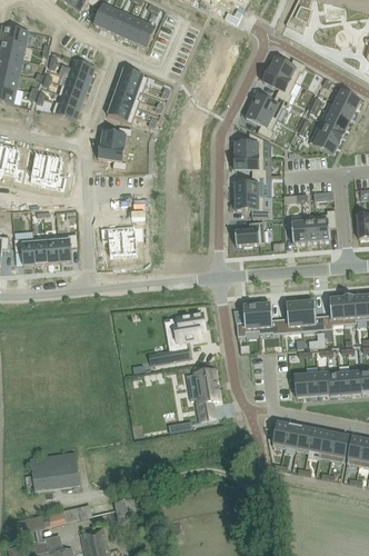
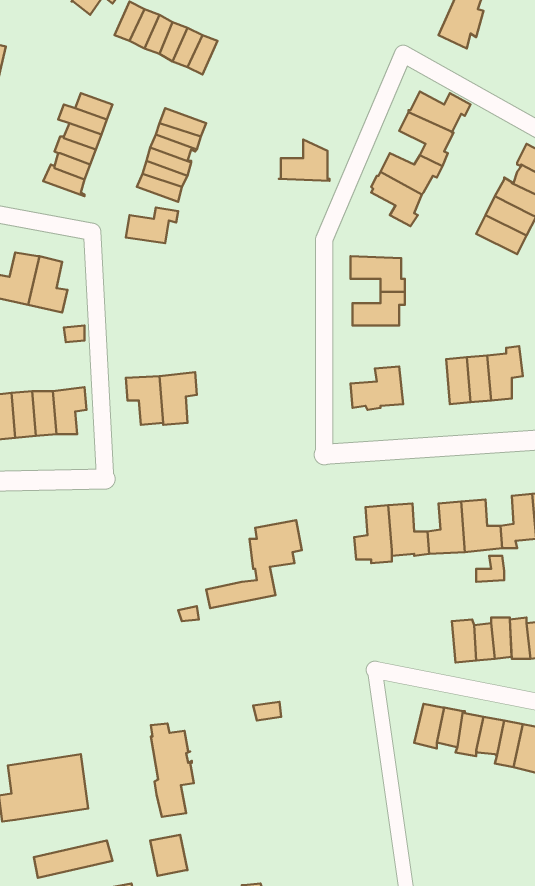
building: [233,131,263,156] -> [279,140,329,181]
building: [97,142,126,168] -> none
building: [235,196,269,217] -> none
building: [193,364,219,419] -> [151,723,194,817]

